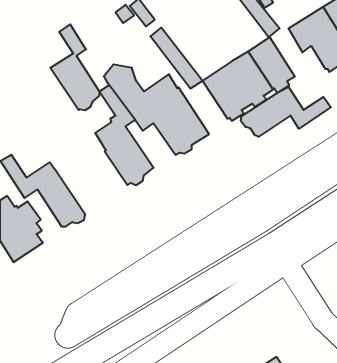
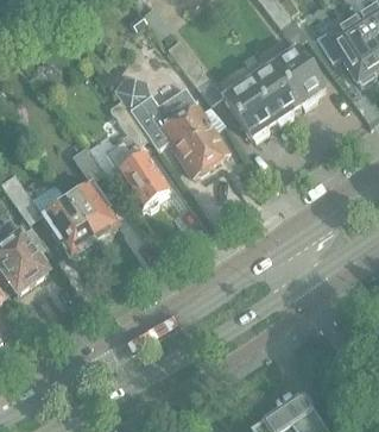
building: [50,24,99,110] -> [63,146,116,240]
building: [241,87,331,137] -> none

